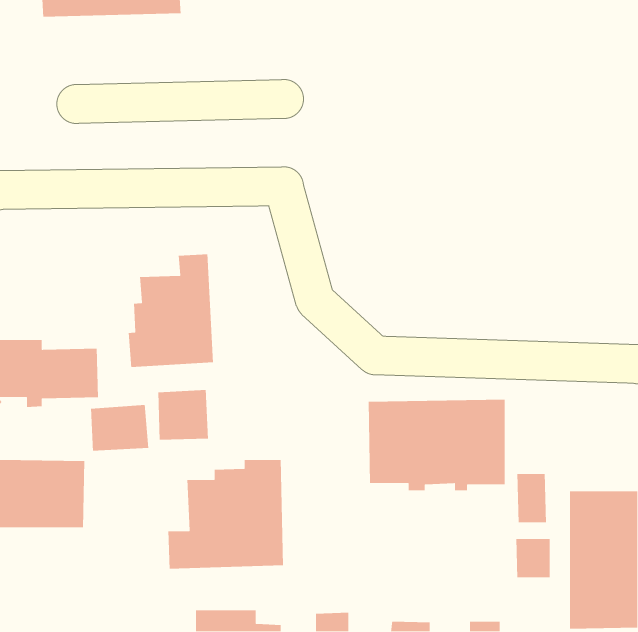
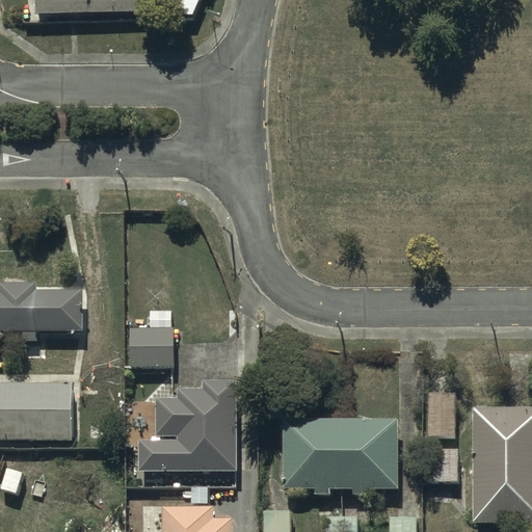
building: [128,254,214,368] -> none
building: [368,399,505,491] -> [283,417,397,494]
building: [90,404,149,451] -> none

